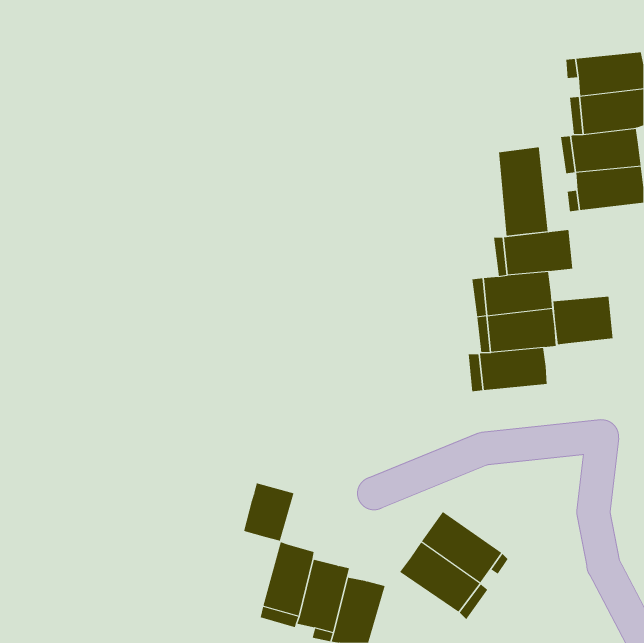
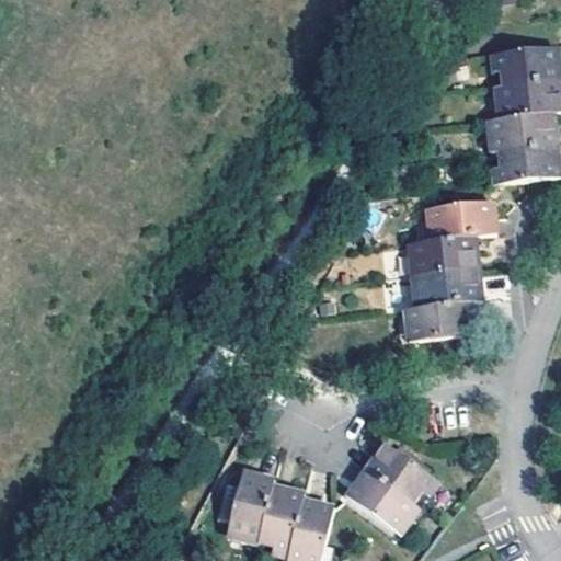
building: [499,147,548,237] -> none
building: [553,296,613,345] -> none
building: [244,483,294,542] -> none

